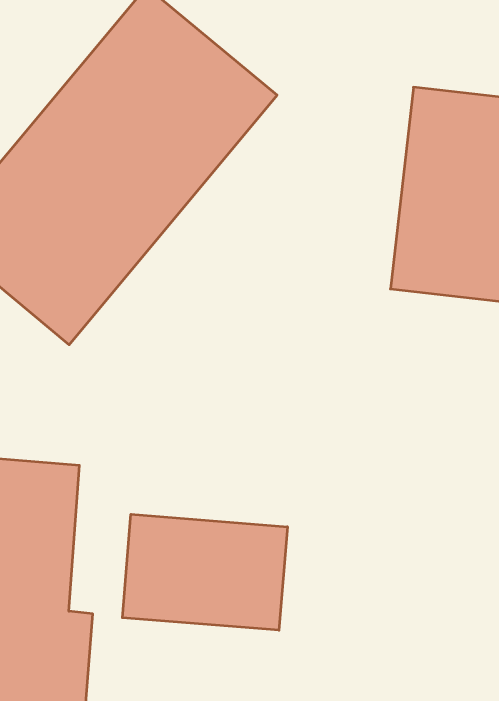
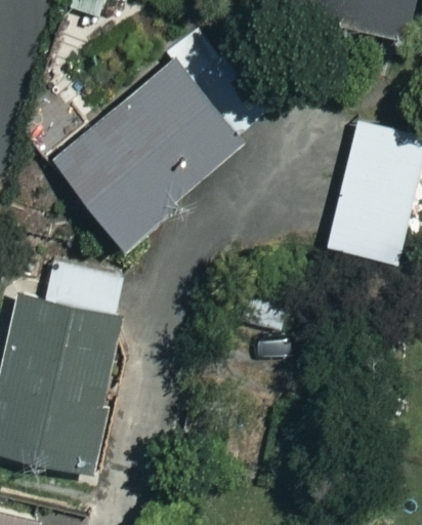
building: [122,514,287,630] -> none

